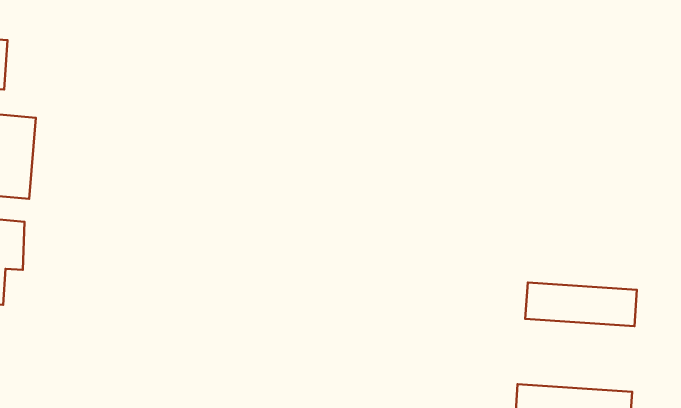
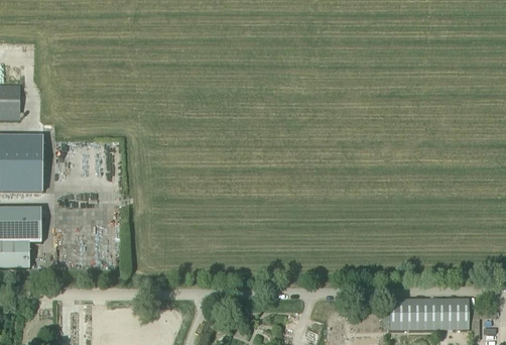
building: [525,283,637,326] -> none

